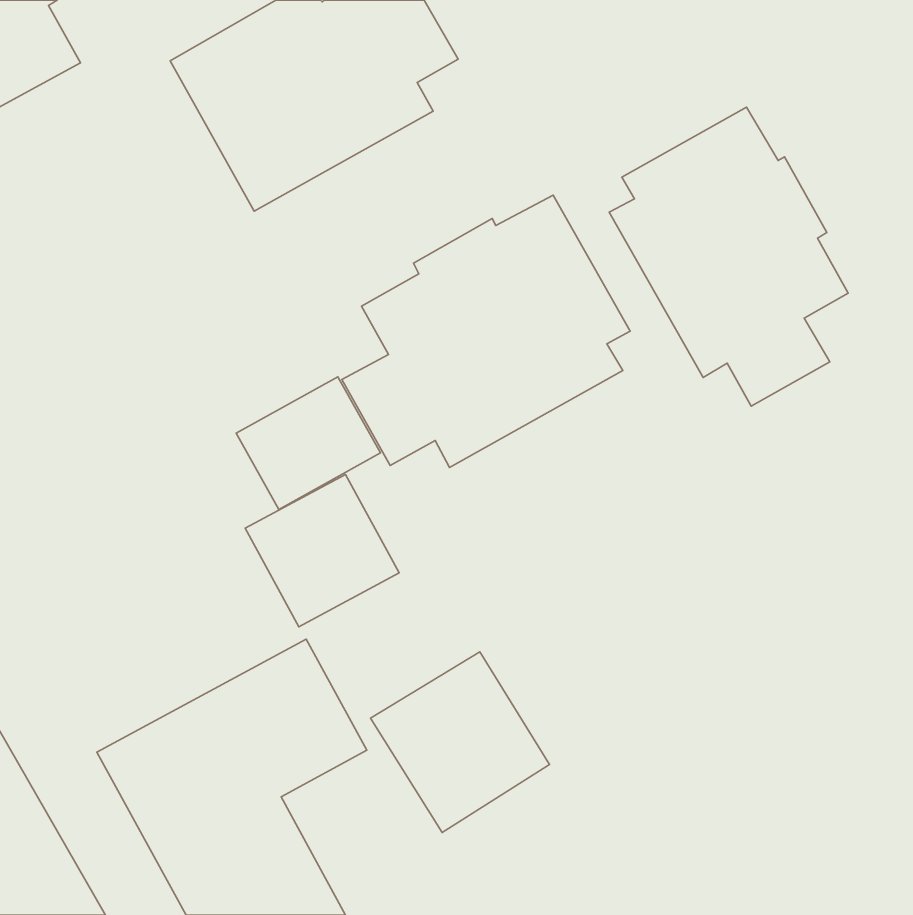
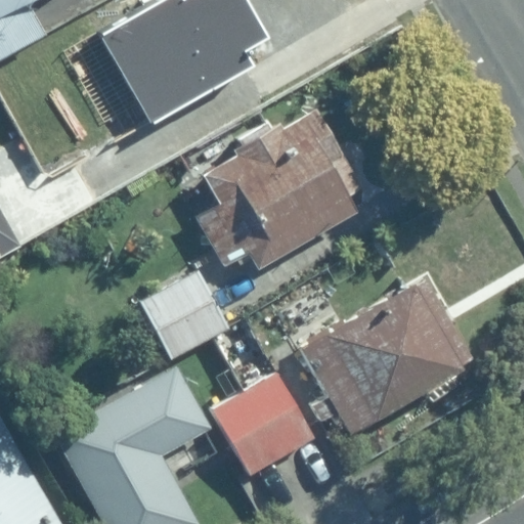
building: [609,107,848,406] -> none
building: [236,377,381,509] -> none
building: none -> [303,285,466,434]

